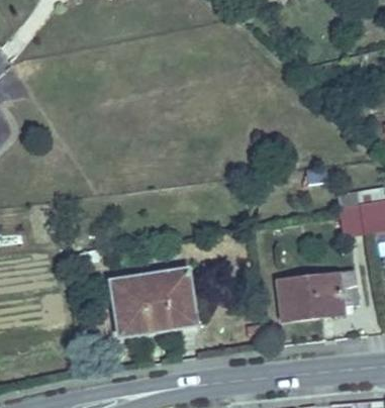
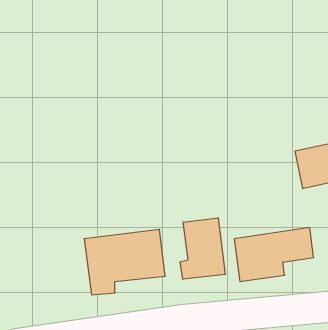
building: none -> [180,218,225,279]

